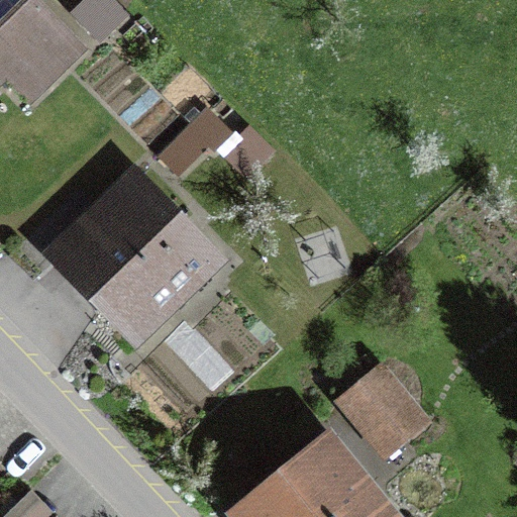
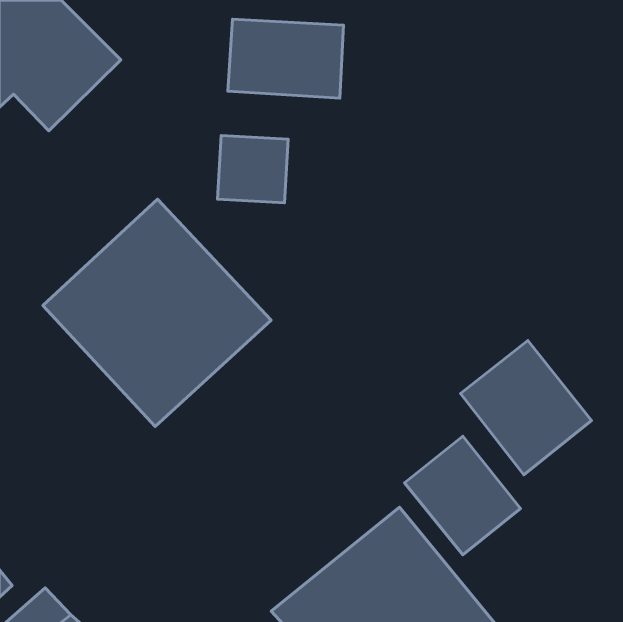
building: none -> [228,19,343,98]
building: none -> [461,341,592,475]

